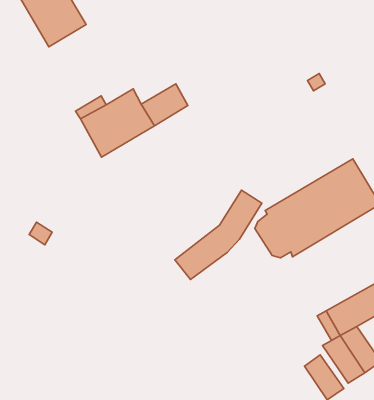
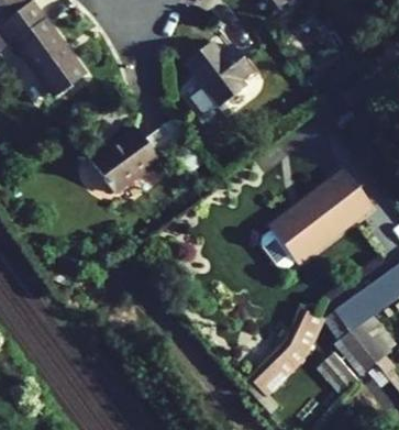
building: none -> [185,42,251,118]
building: [175,190,262,279] -> [250,309,323,396]

